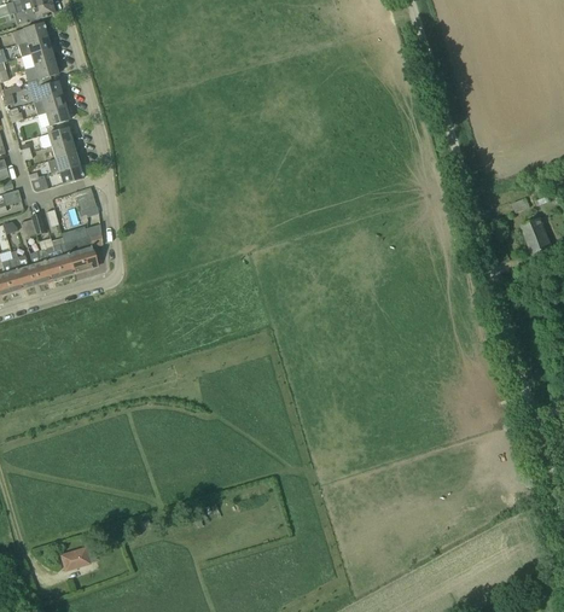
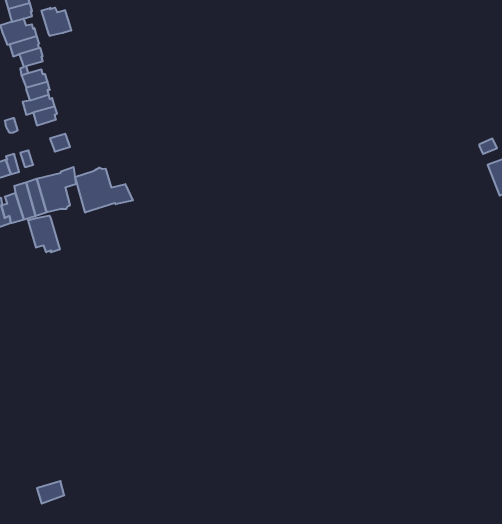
building: none -> [41,8,71,36]
building: none -> [75,168,133,213]
building: none -> [28,216,60,252]

